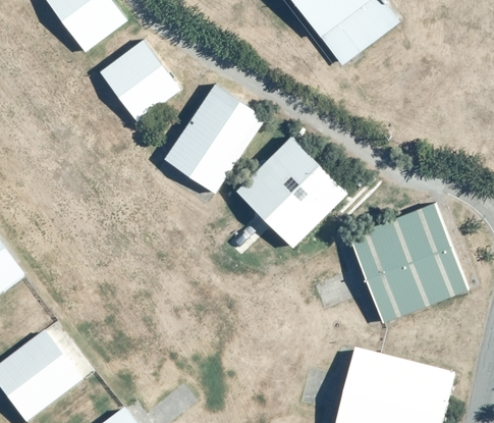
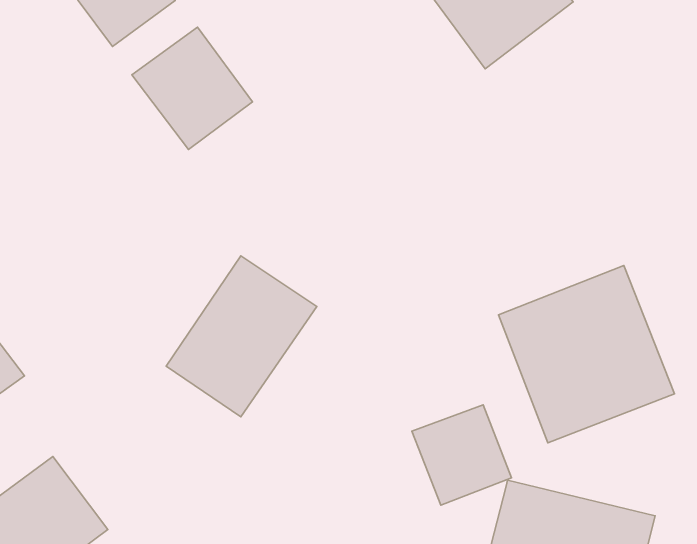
building: [163,82,266,192] -> [166,256,317,417]
building: [235,134,348,246] -> none
building: none -> [412,405,511,505]

